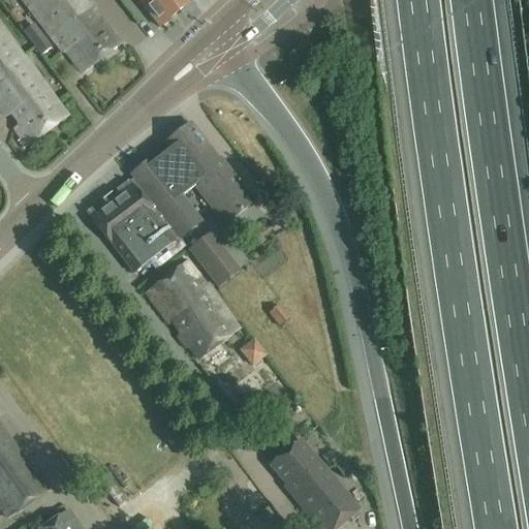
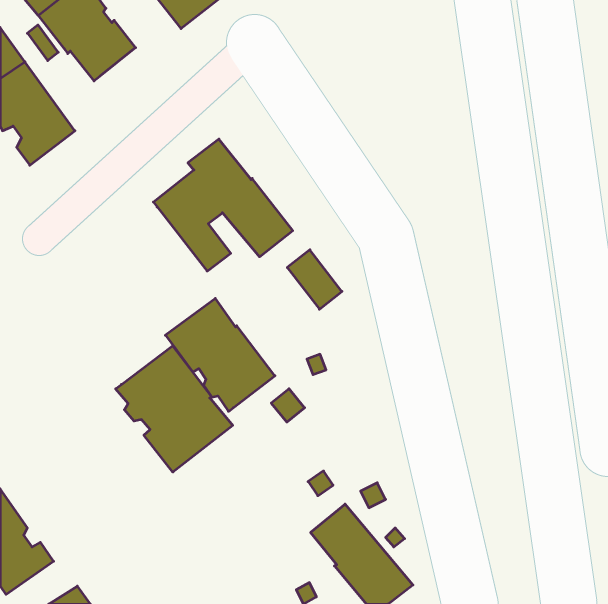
building: [90,180,185,271] -> none
building: [190,232,238,284] -> [287,250,342,309]
building: none -> [116,346,233,472]

